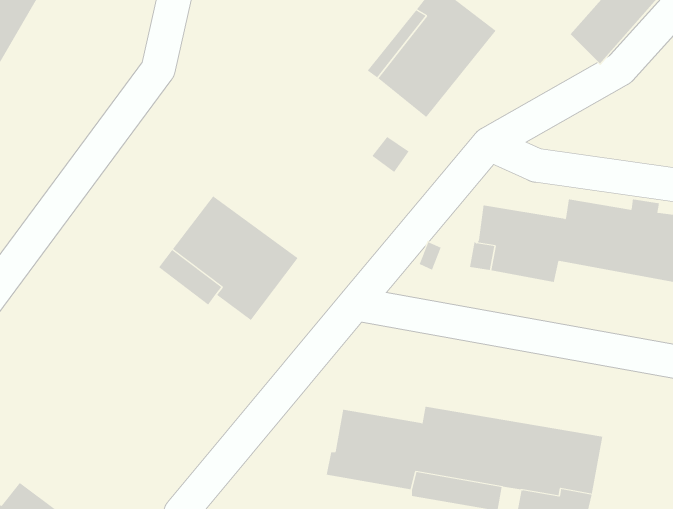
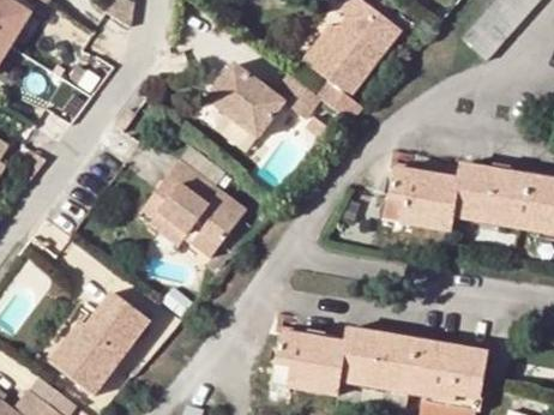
building: none -> [209,66,321,139]
building: none -> [52,289,150,392]

